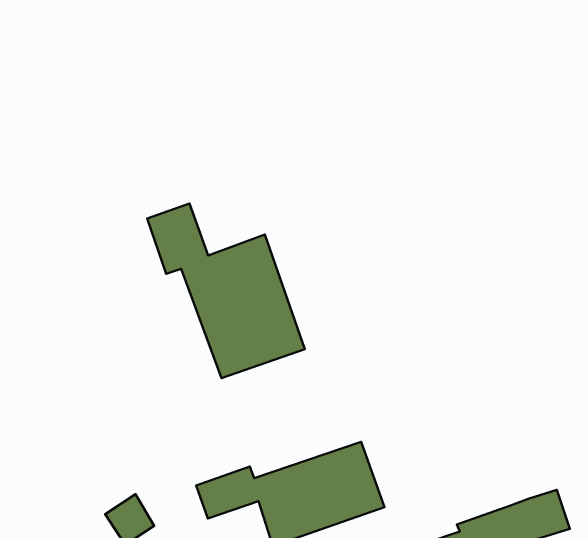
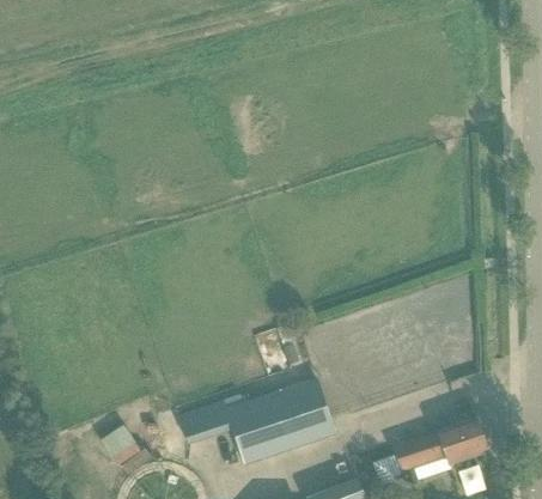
building: [147,204,305,378] -> none

